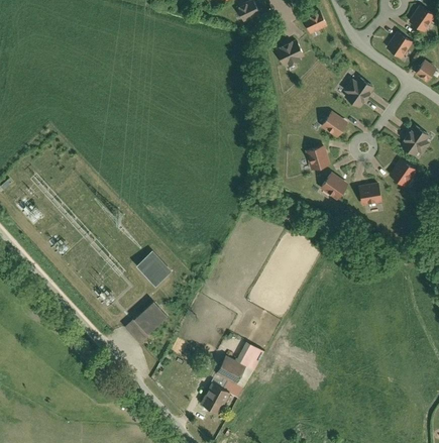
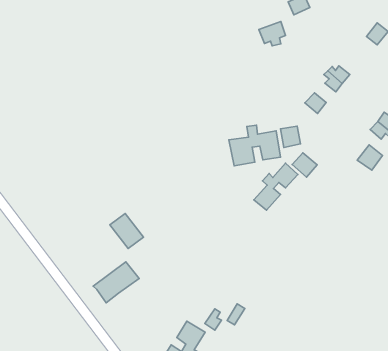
building: none -> [229,125,280,166]
building: [359,187,380,207] -> none
building: none -> [254,163,298,210]

